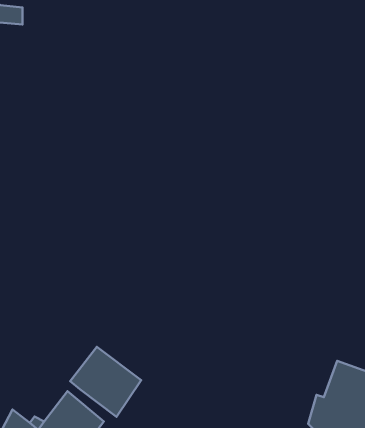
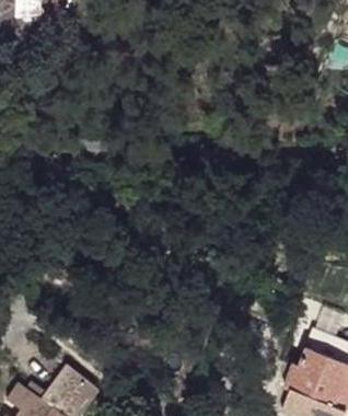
building: [70,347,141,417] -> none

